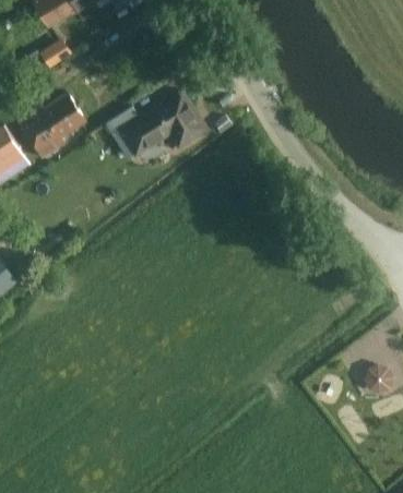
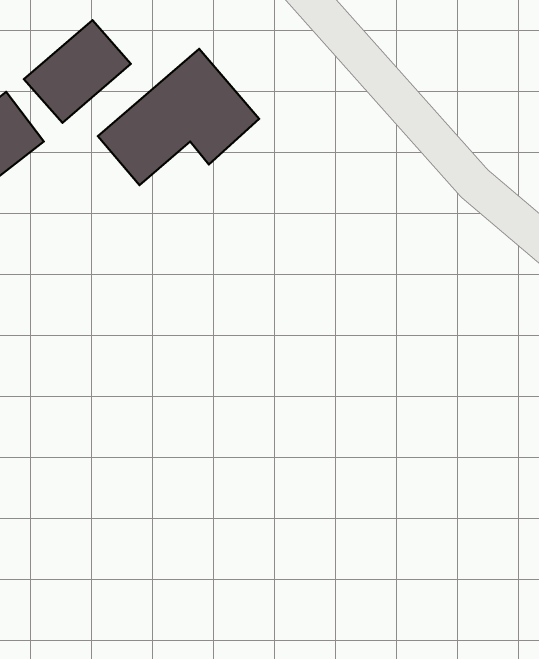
building: none -> [24,20,131,123]

